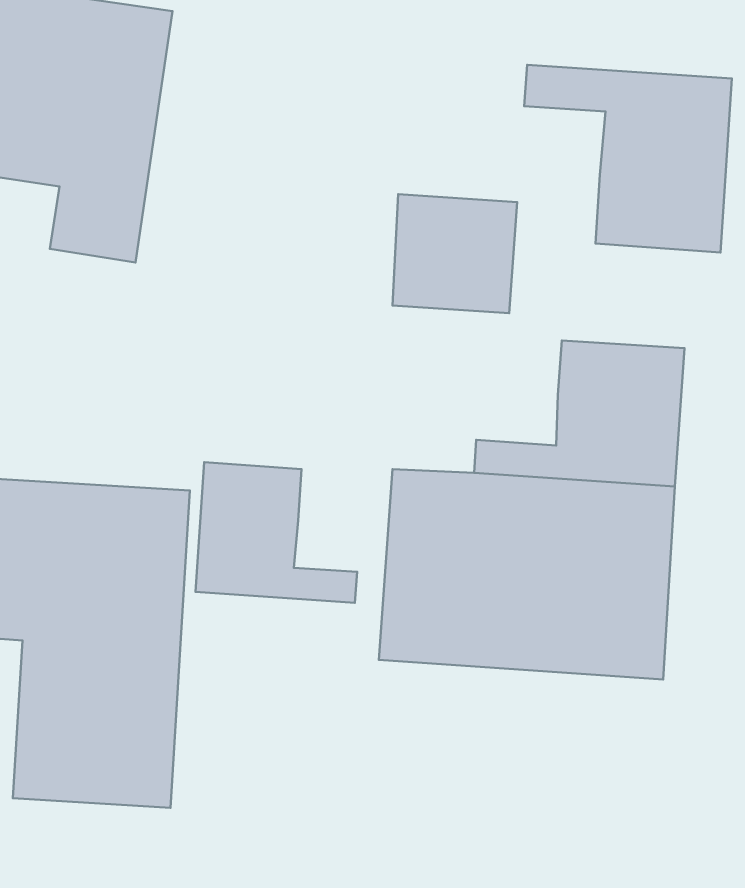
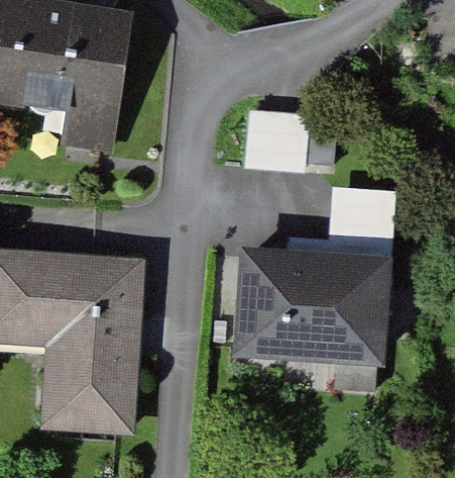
building: [524,65,732,253] -> none
building: [196,462,357,603] -> none

